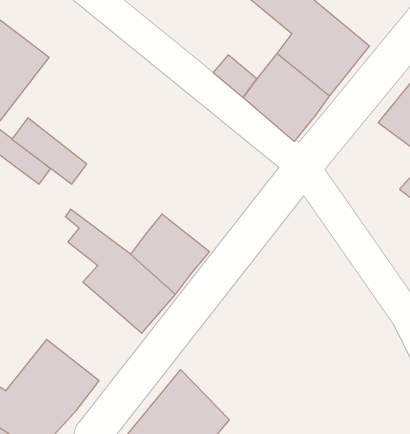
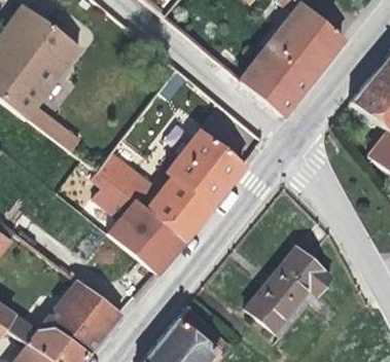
building: [12,118,87,184] -> [99,156,161,211]
building: none -> [168,133,245,209]
building: none -> [246,247,333,338]

